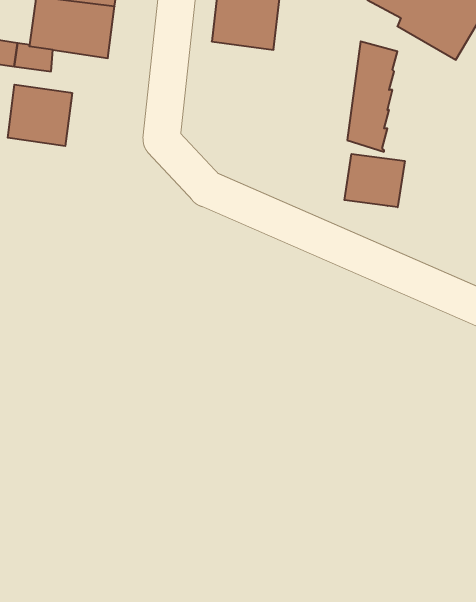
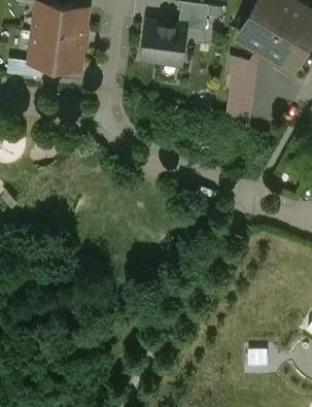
building: [8,85,72,146] -> none
building: [344,154,405,207] -> none

